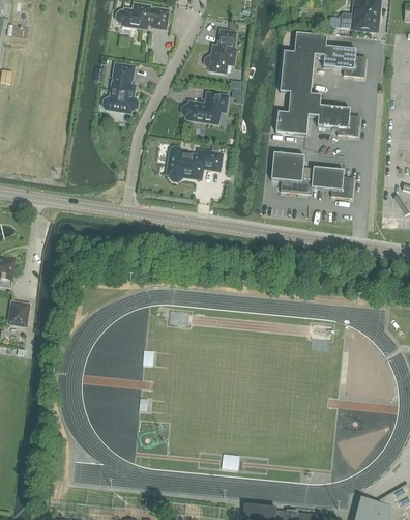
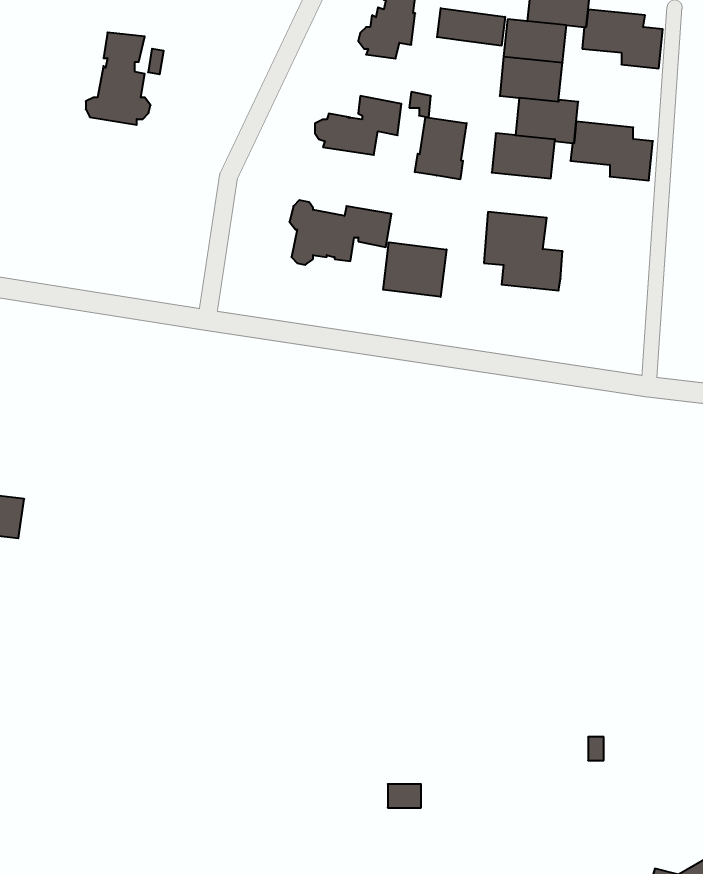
building: none -> [437,8,505,46]
building: [104,63,138,112] -> [86,32,151,125]
building: none -> [415,117,467,179]
building: [312,167,354,198] -> none
building: none -> [383,242,447,297]

